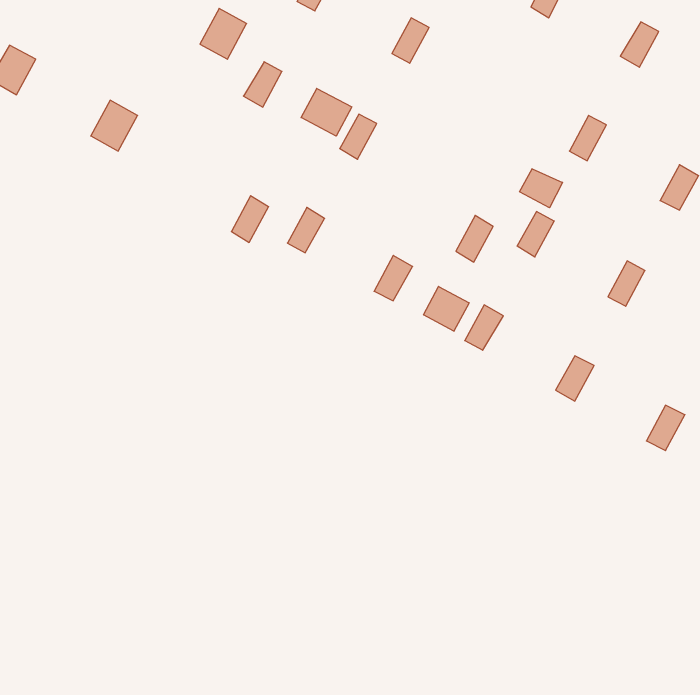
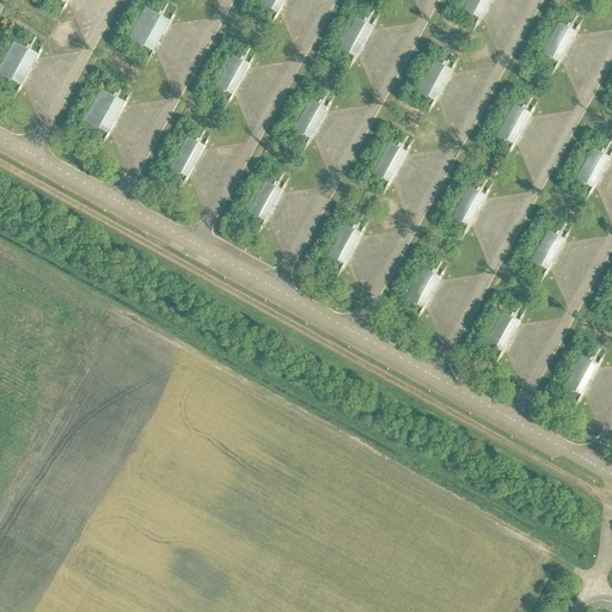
building: [200,8,247,59] -> [124,5,165,49]
building: none -> [416,57,449,97]
building: [301,88,352,136] -> none
building: [520,169,563,208] -> none
building: [231,196,269,242] -> [167,135,200,176]
building: [456,215,493,262] -> [371,140,403,180]
building: [424,286,469,331] -> none

